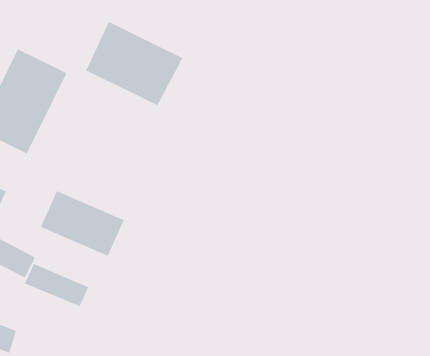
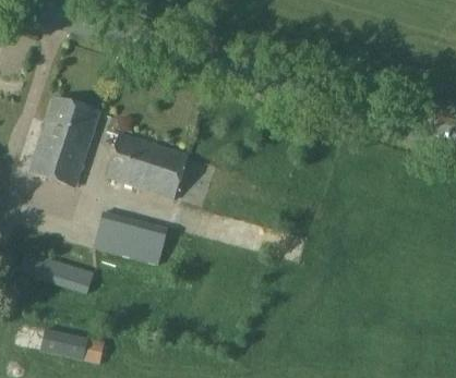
building: [85,21,183,106] -> [105,131,188,198]
building: [24,263,89,307] -> none

